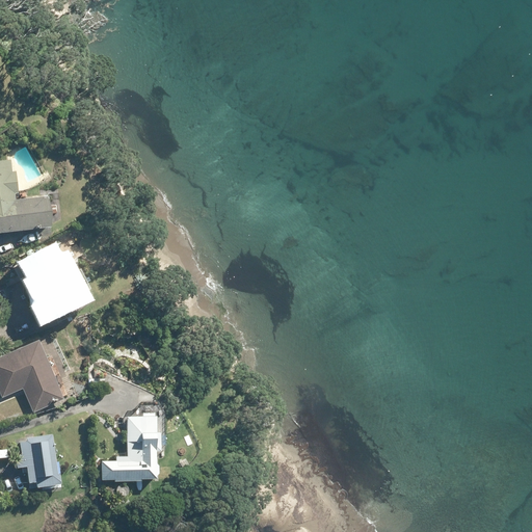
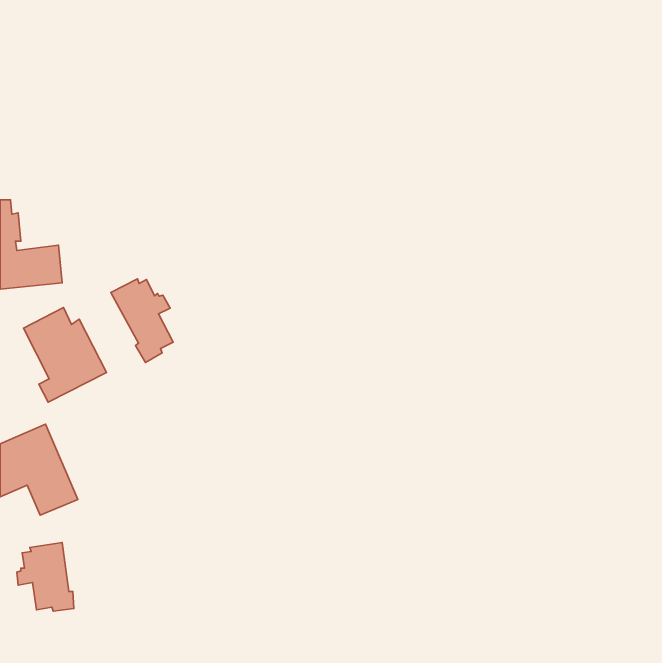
building: none -> [111,279,173,362]
building: [102,410,160,480] -> none

